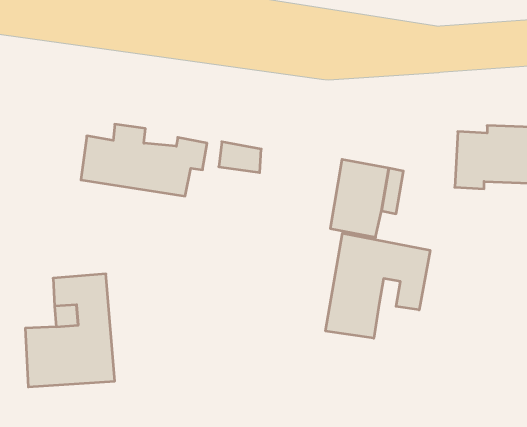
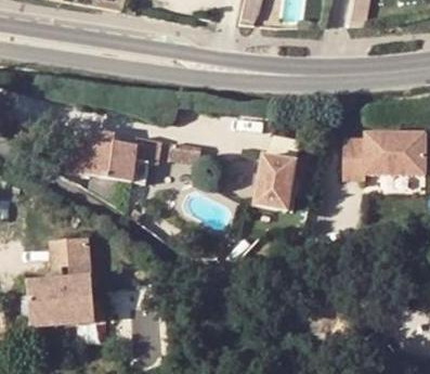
building: [326,233,430,338] -> none

